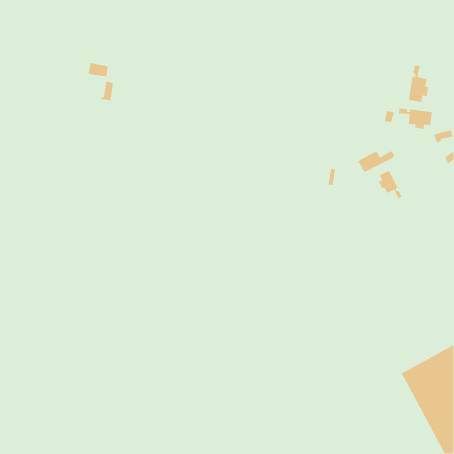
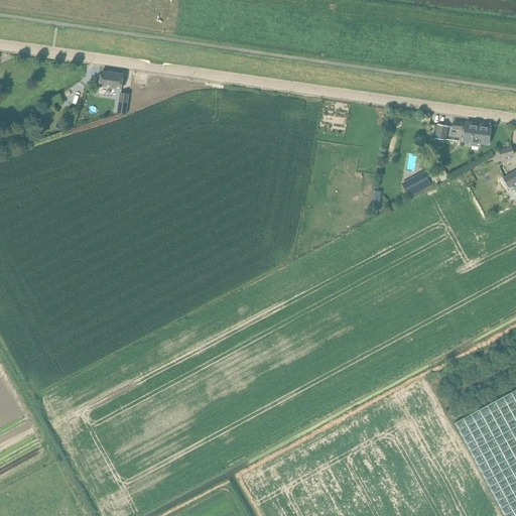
building: [408,64,429,103] -> none
building: [378,170,403,199] -> none

